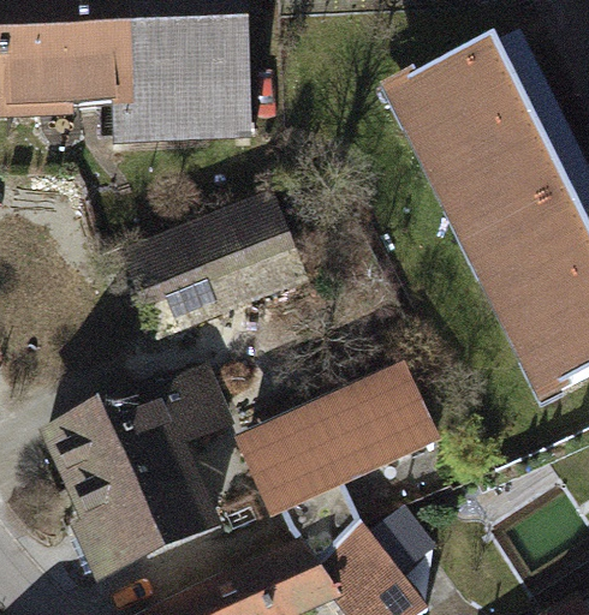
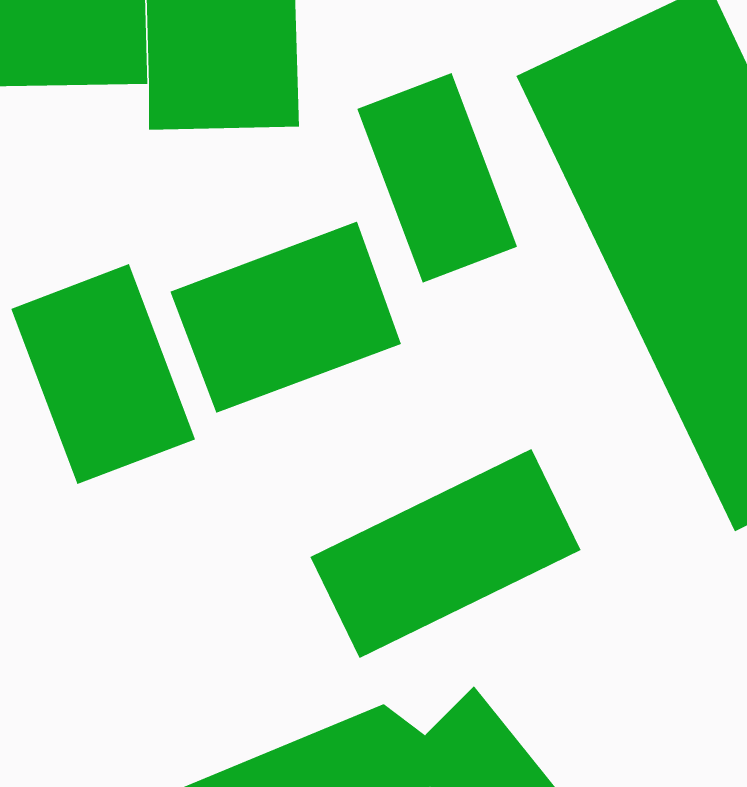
building: none -> [357,72,518,284]
building: none -> [11,263,196,485]
building: [34,365,225,574] -> none

